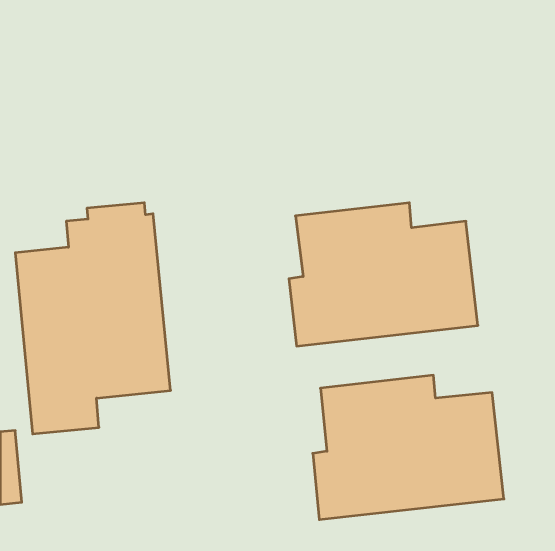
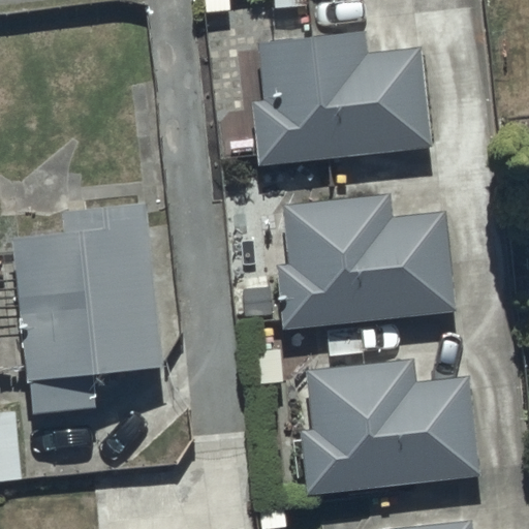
building: none -> [249,30,434,166]

